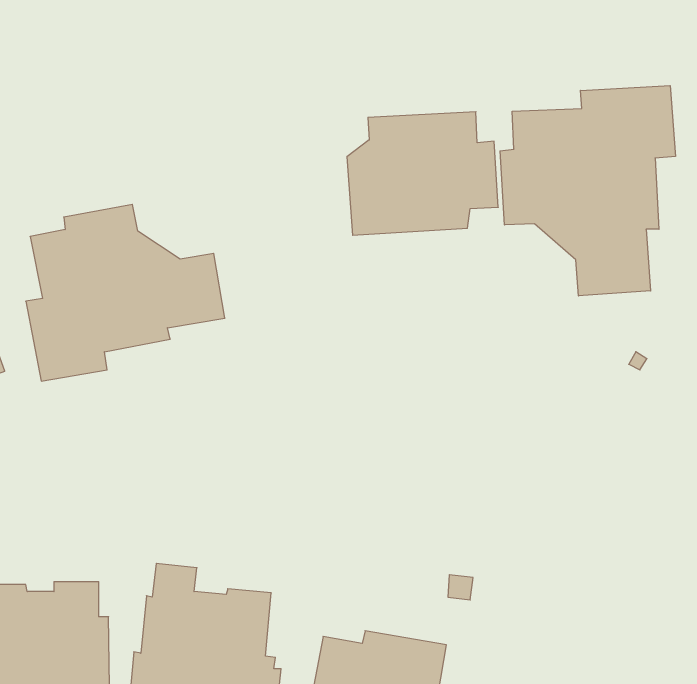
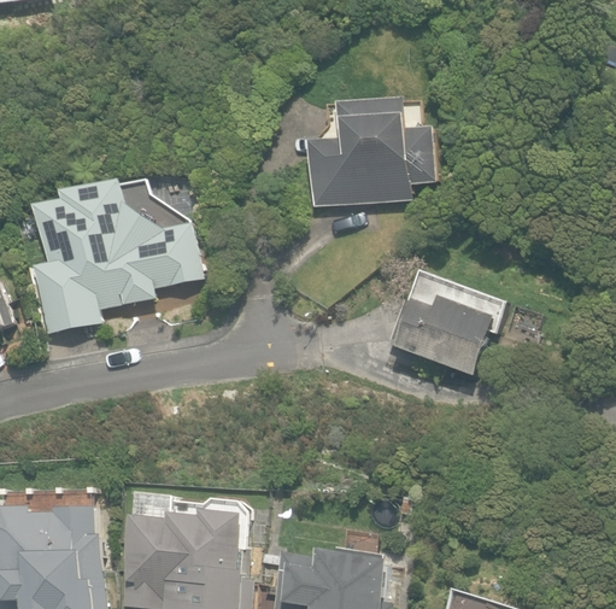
building: [500,86,675,296] -> none
building: none -> [385,269,505,375]

